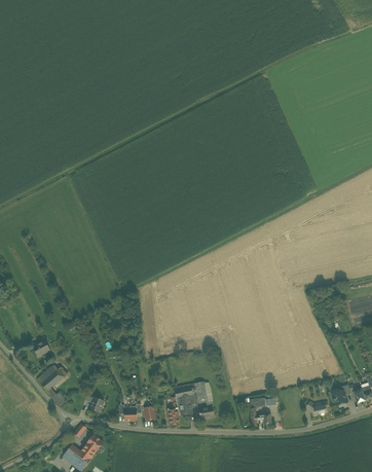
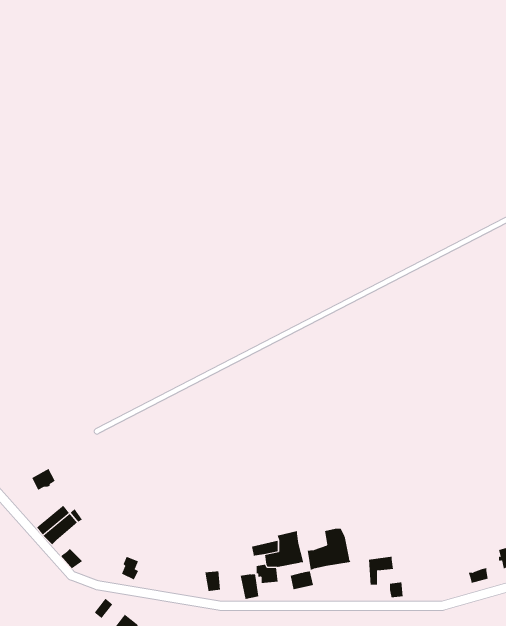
building: none -> [307,528,351,571]

